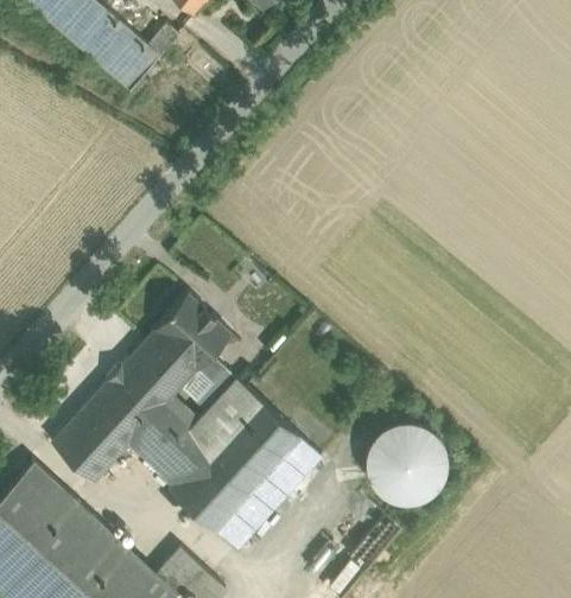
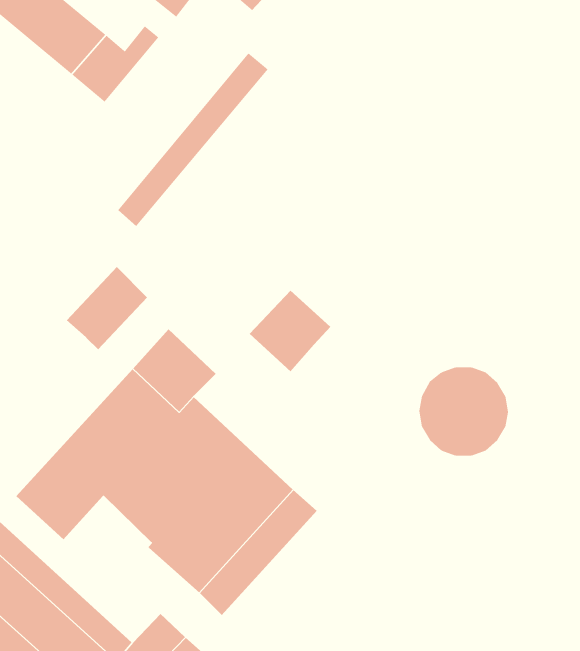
building: none -> [117,53,269,227]
building: none -> [66,266,148,350]
building: none -> [249,290,331,372]
building: [366,424,446,503] -> [418,367,509,456]

